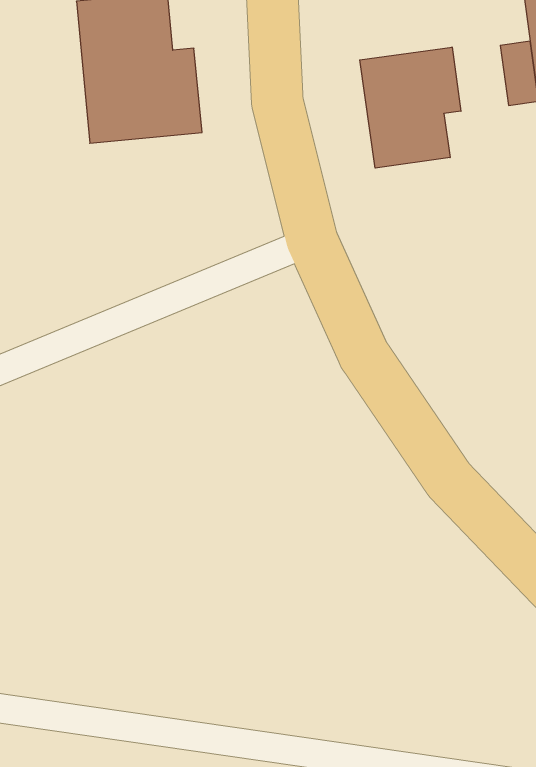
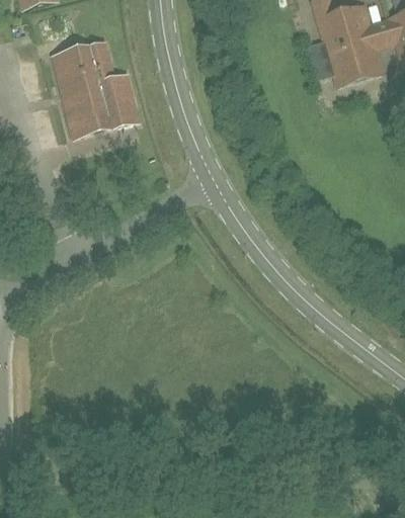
building: [360,47,461,168] -> none

